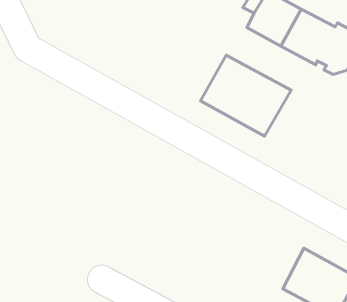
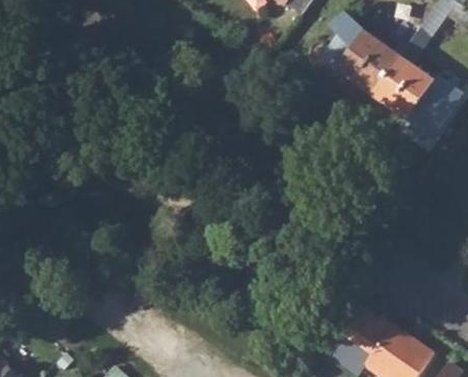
building: [201,55,291,136] -> none

